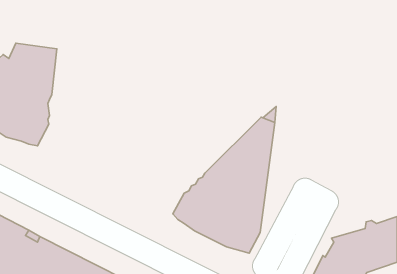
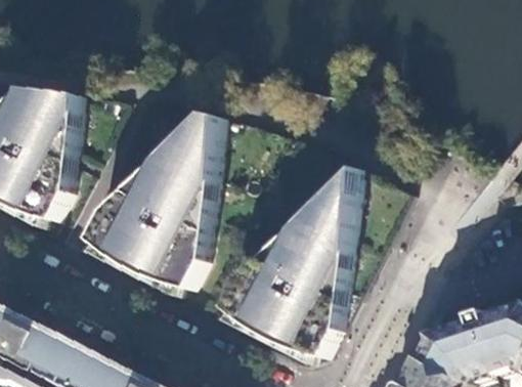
building: none -> [89,113,220,287]

